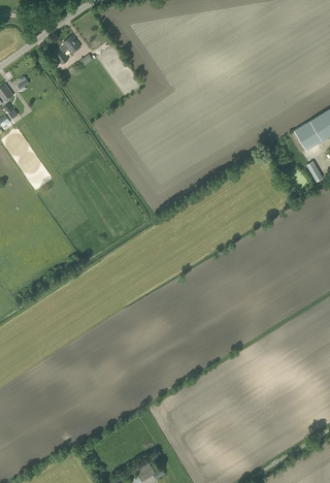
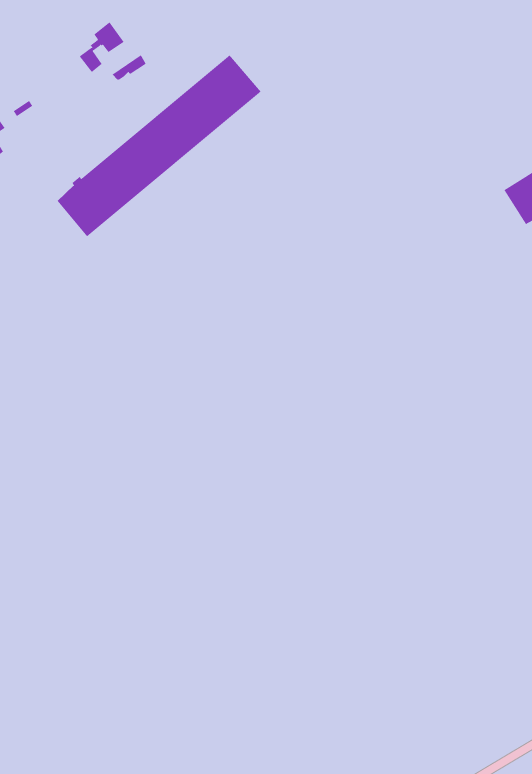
building: none -> [57,55,262,237]

